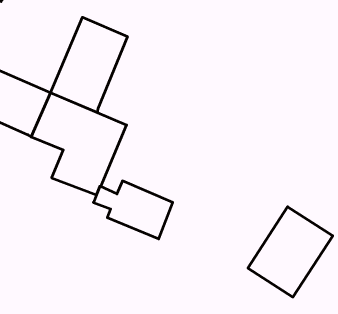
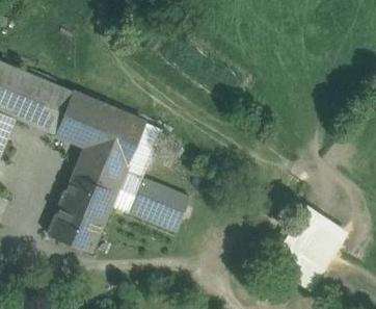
building: [51,17,127,112] -> none
building: none -> [47,173,116,251]

